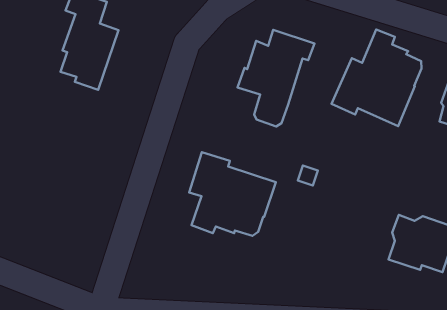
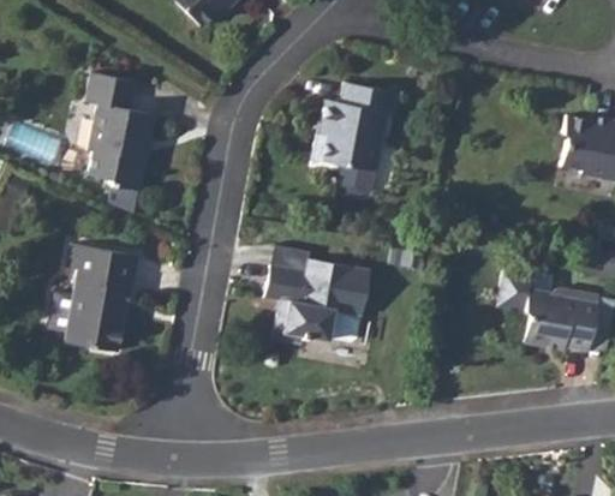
building: [332,30,422,126] -> none
building: none -> [47,243,137,351]

